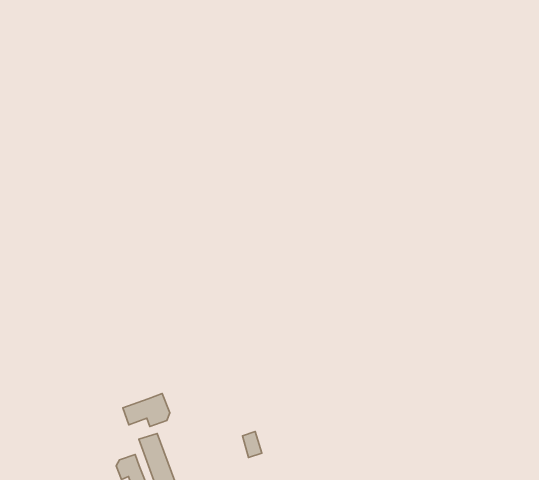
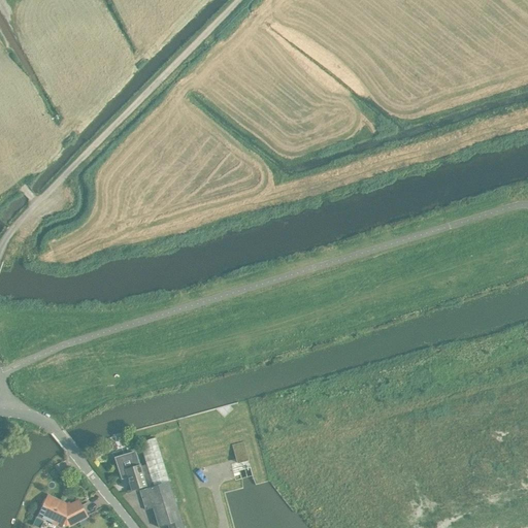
building: [123,394,170,427] -> none

